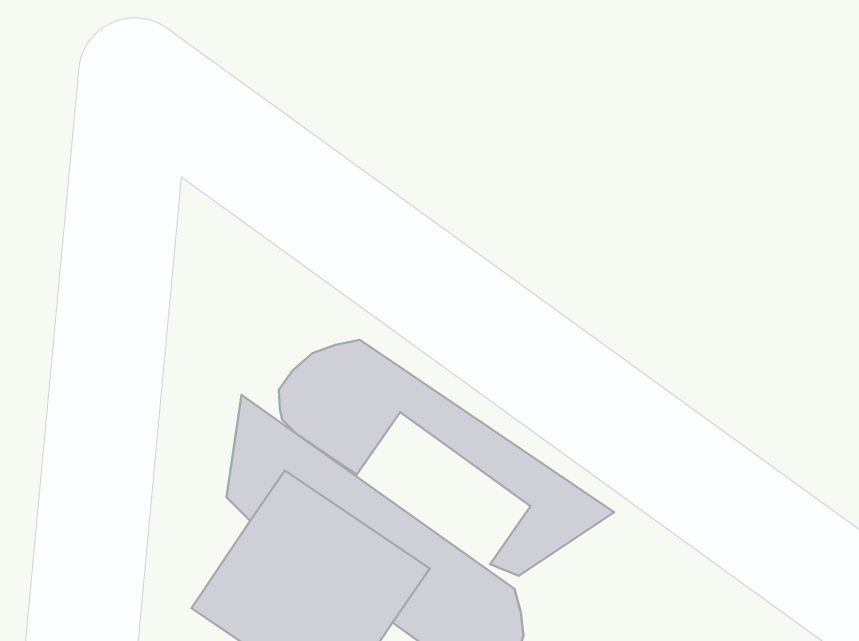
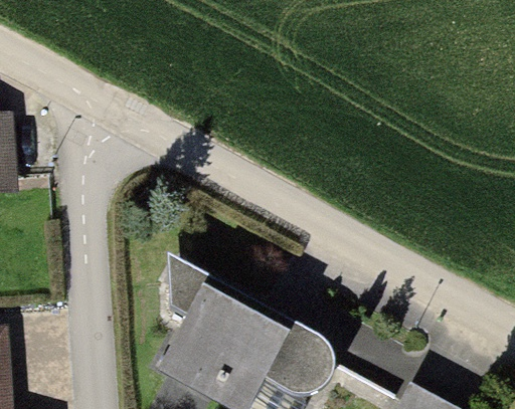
building: [279,340,614,576] -> none

